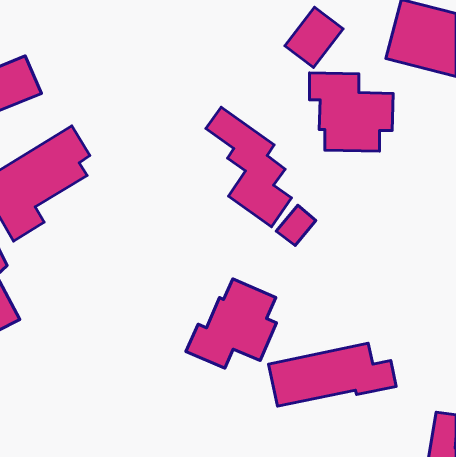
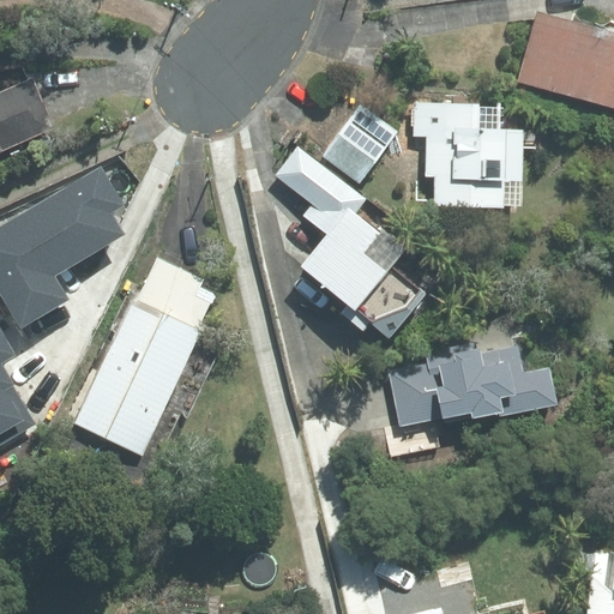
building: [285,7,343,68] -> [318,104,396,185]
building: none -> [80,259,215,455]
building: [186,279,276,368] -> none
building: [268,343,396,406] -> [386,344,556,428]

